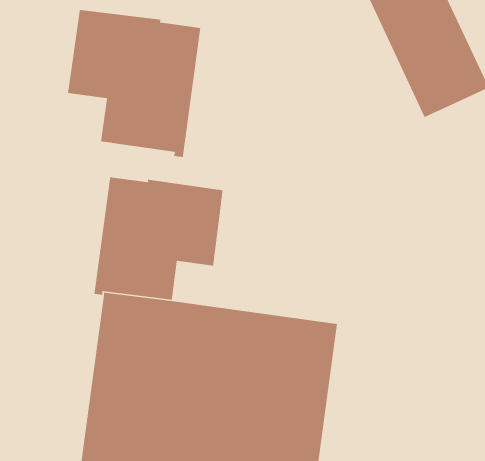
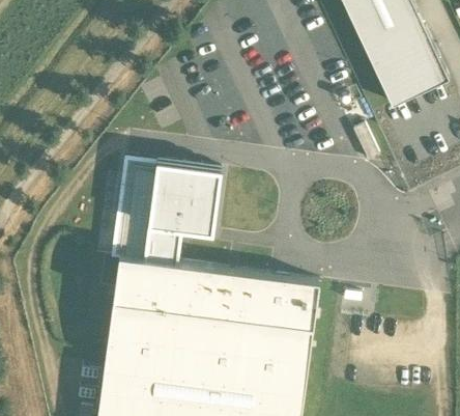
building: [67,9,201,158] -> none

